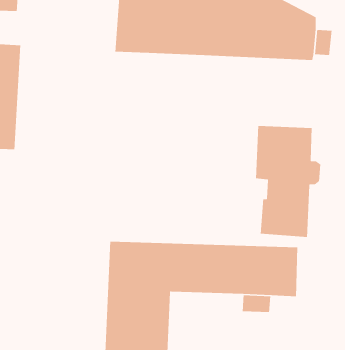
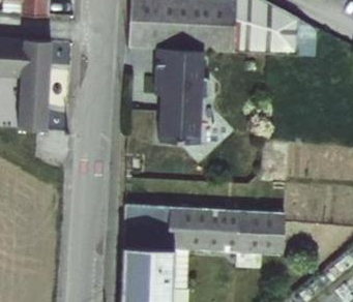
building: [255,125,321,238] -> [155,49,211,144]

